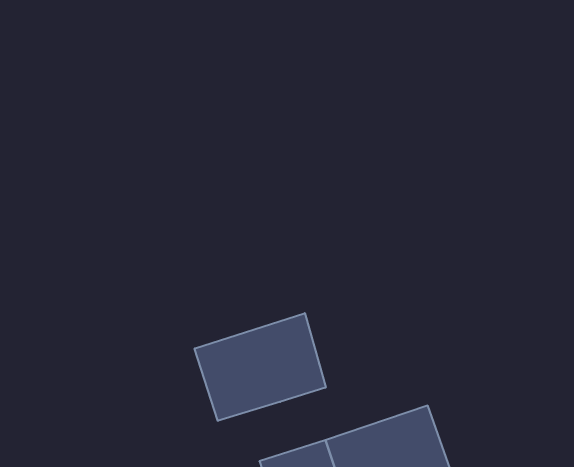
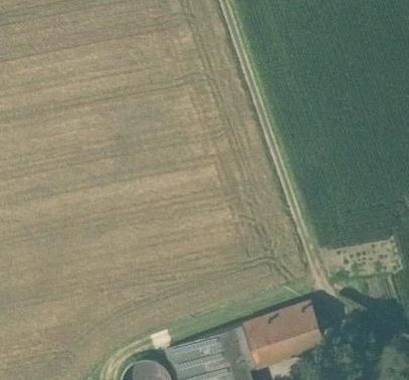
building: [195,313,326,421] -> none

